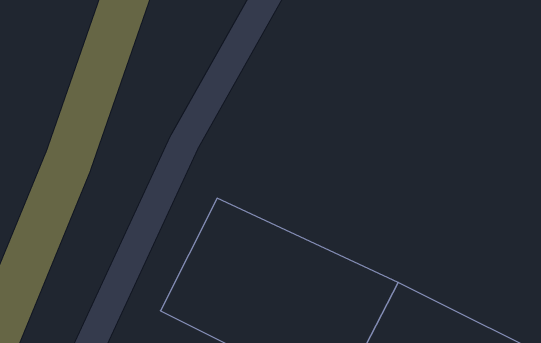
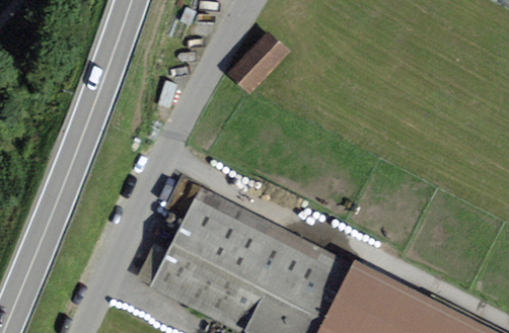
building: none -> [228,35,281,90]

